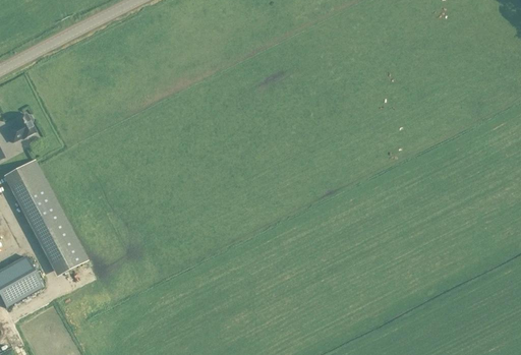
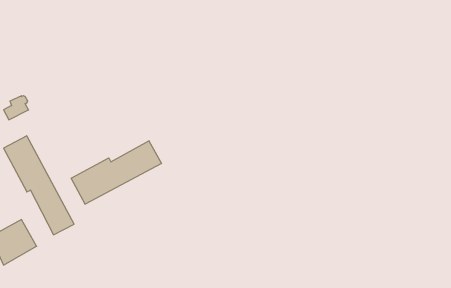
building: none -> [71,141,161,204]

